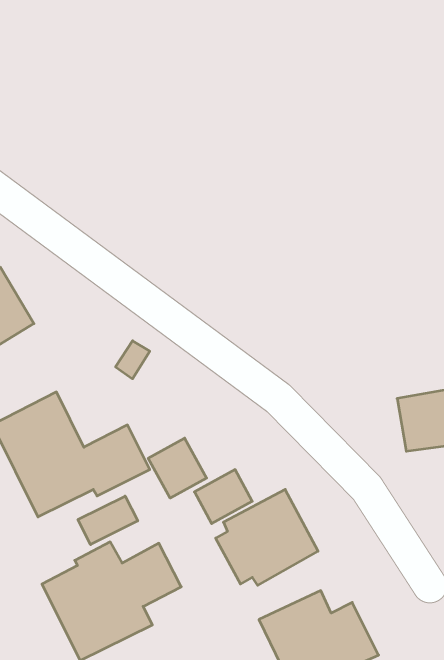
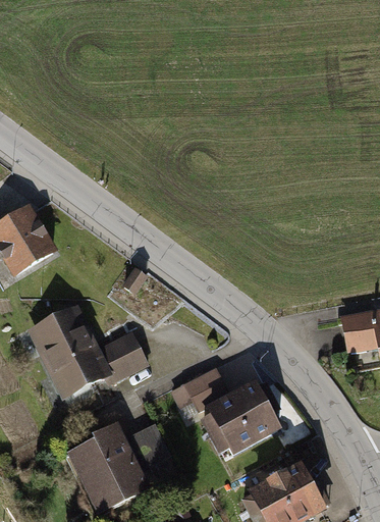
building: [148,438,207,498] -> none
building: [78,496,138,545] -> none

